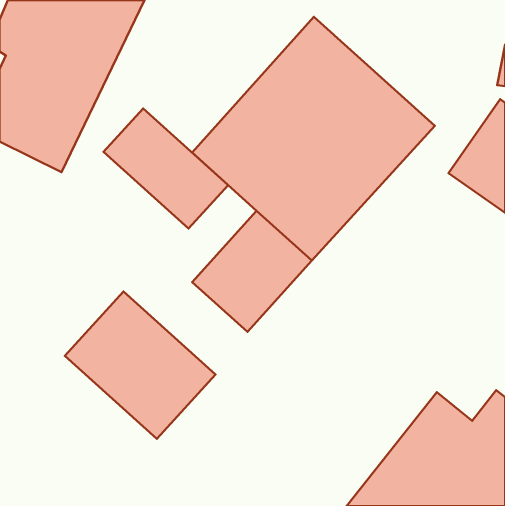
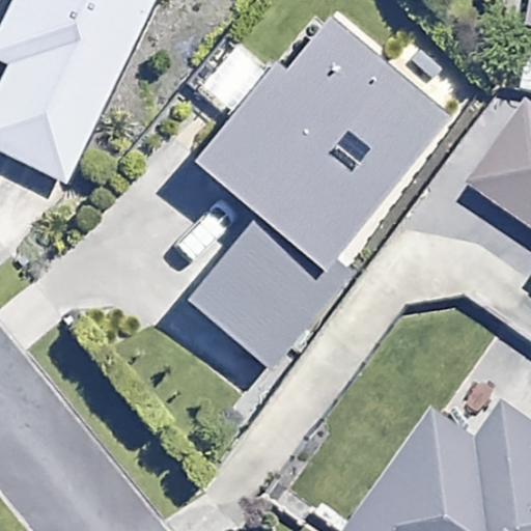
building: [103,109,228,229] -> none
building: [65,292,216,439] -> none

